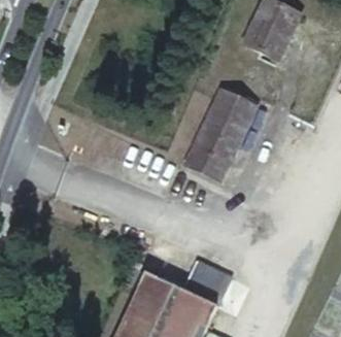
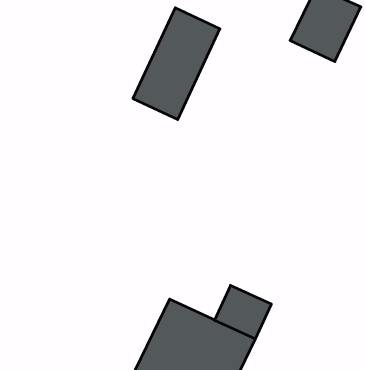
building: [189,105,261,198] -> [133,8,220,120]

